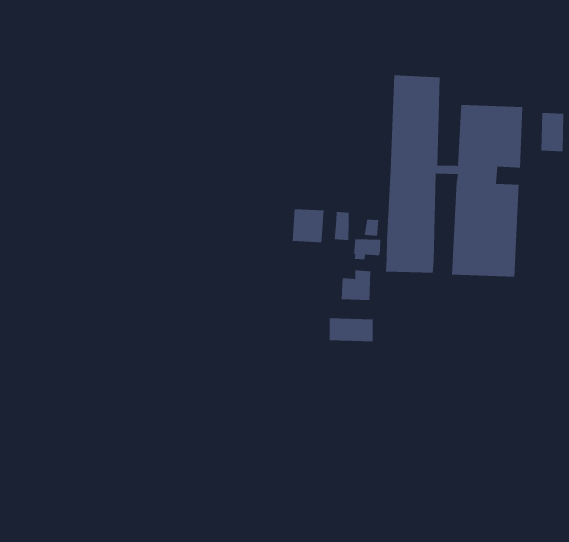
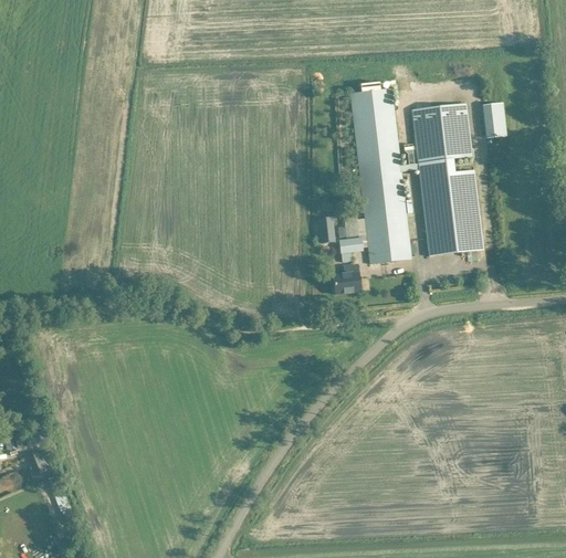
building: [292,208,324,243] -> none
building: [329,318,373,342] -> none

